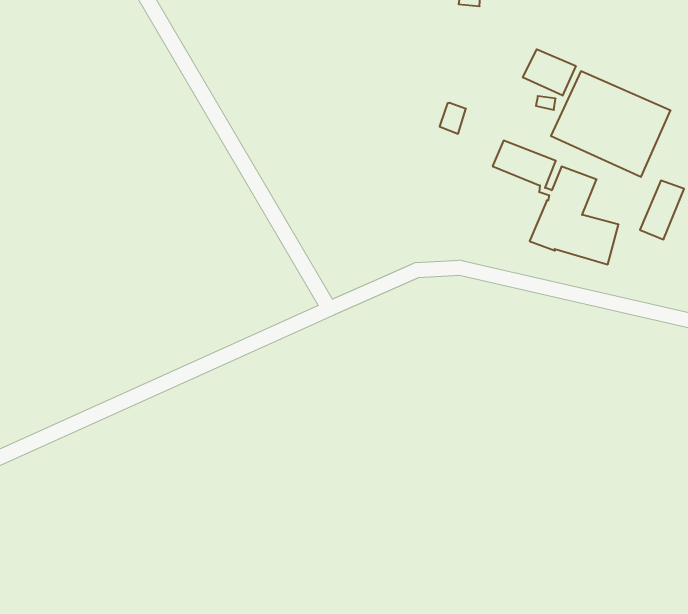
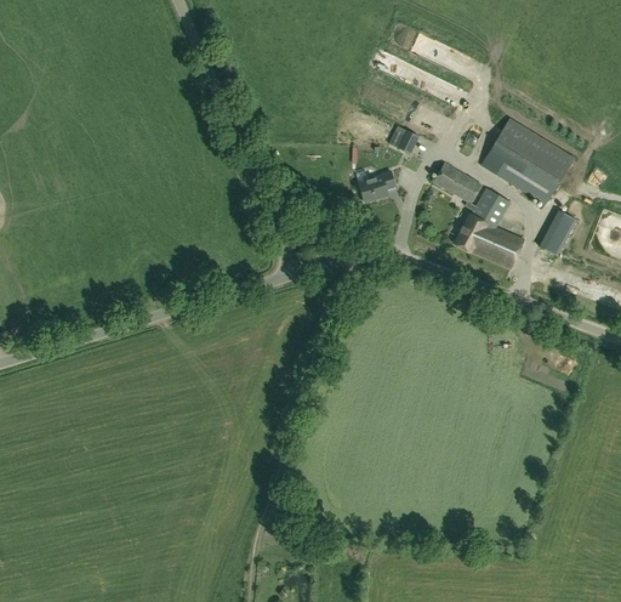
building: [523,49,576,96] -> none
building: none -> [358,171,395,201]

